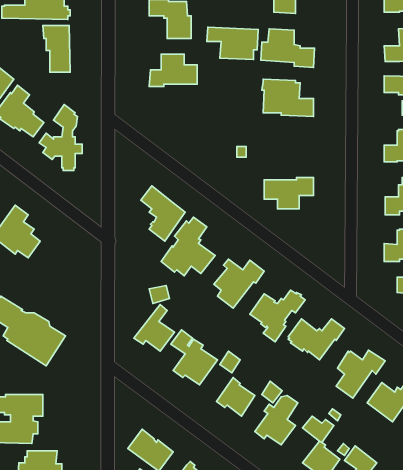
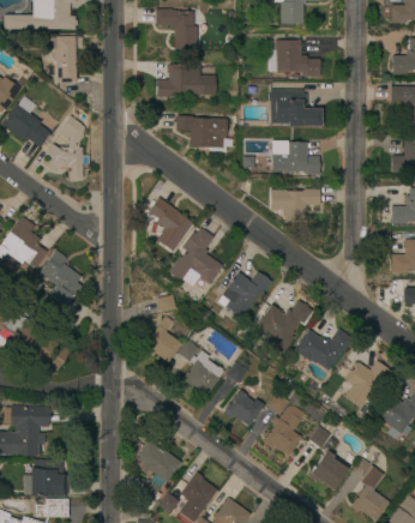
building: [207,27,258,59] -> [175,115,227,148]
building: none -> [271,140,319,173]
building: none -> [41,248,83,307]

